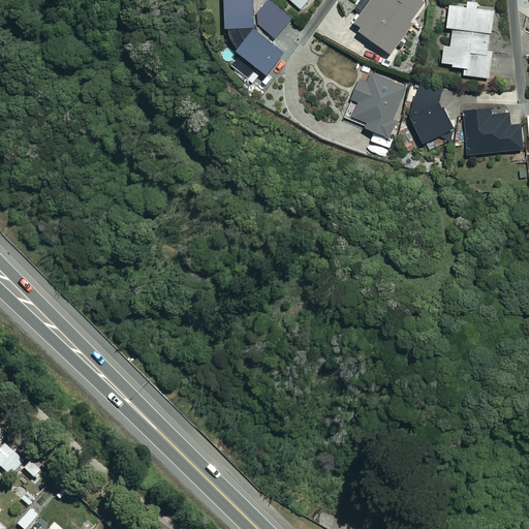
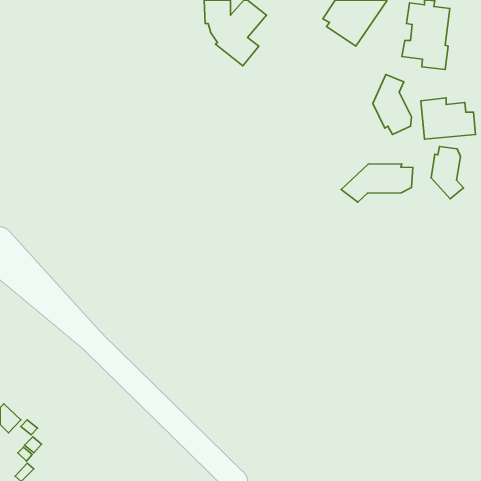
building: [351,72,407,133] -> none
building: none -> [431,146,463,199]
building: none -> [341,164,413,202]

